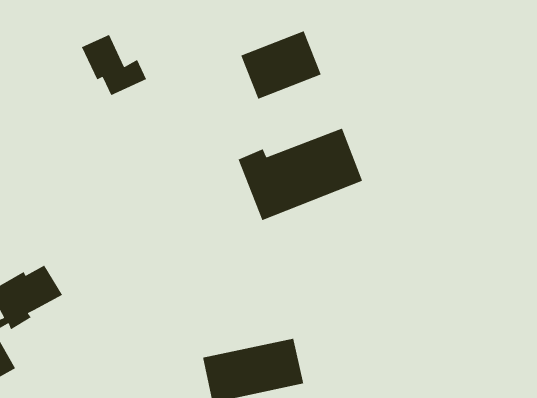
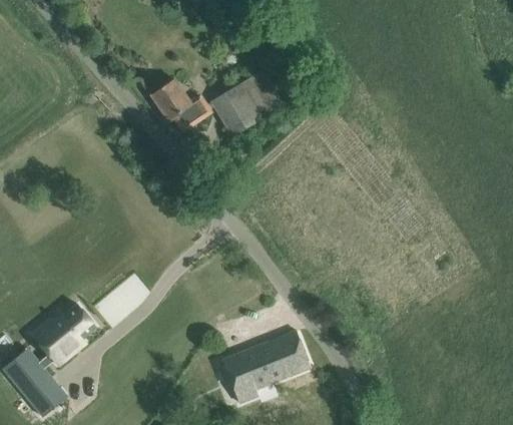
building: [81,34,147,96] -> [149,79,209,131]
building: [237,127,363,221] -> none

